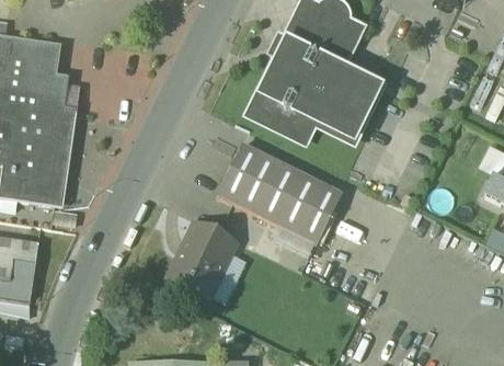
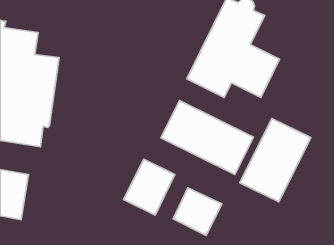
building: none -> [240,118,311,202]
building: none -> [173,188,222,235]

